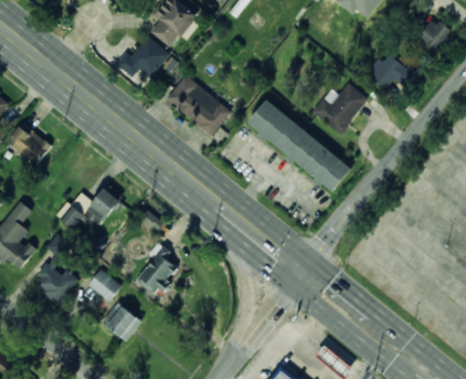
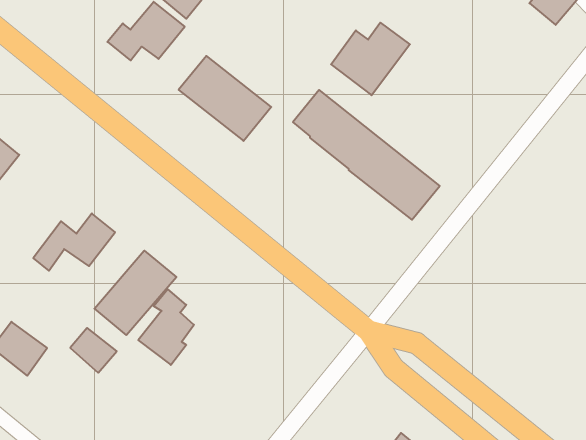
building: [369,52,416,88] -> none
building: [313,83,369,135] -> [331,23,410,95]
building: none -> [94,251,176,335]
building: [103,302,141,341] -> none

